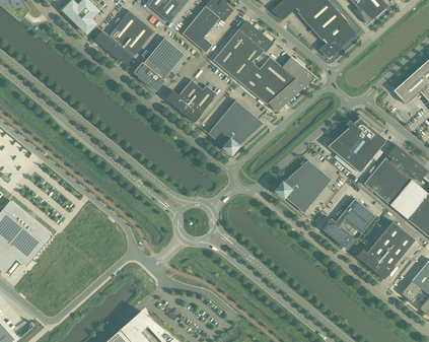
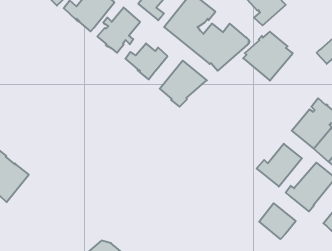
building: [328,114,386,172] -> [243,32,293,81]
building: [272,159,331,212] -> none
building: none -> [259,203,296,239]

